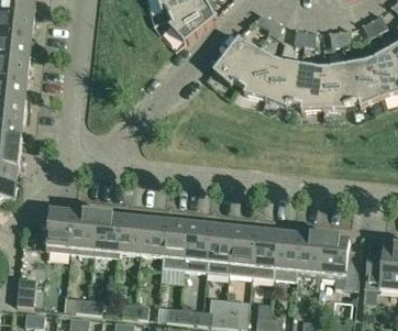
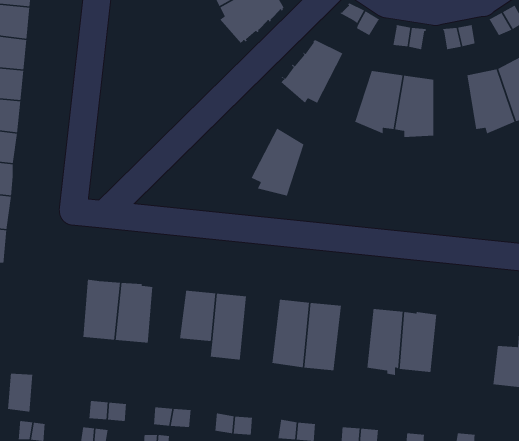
building: [240,46,278,96] -> [251,127,304,196]
building: [323,62,353,107] -> none
building: [46,206,75,250] -> none
building: [119,213,145,254] -> none
building: [185,220,212,268] -> none
building: [252,227,279,276] -> none
building: [321,233,361,287] -> none

